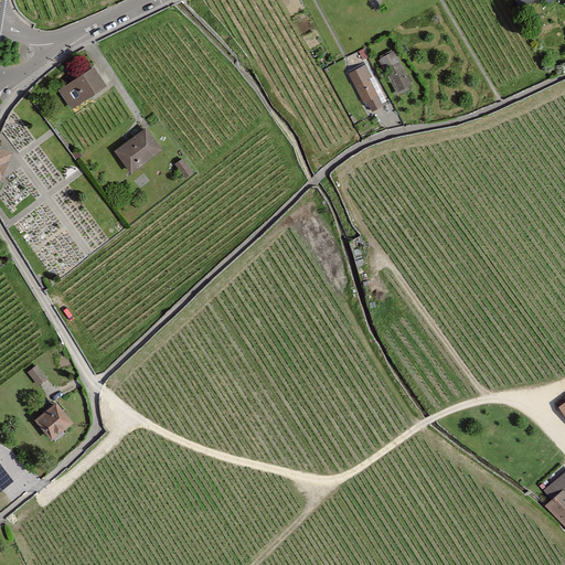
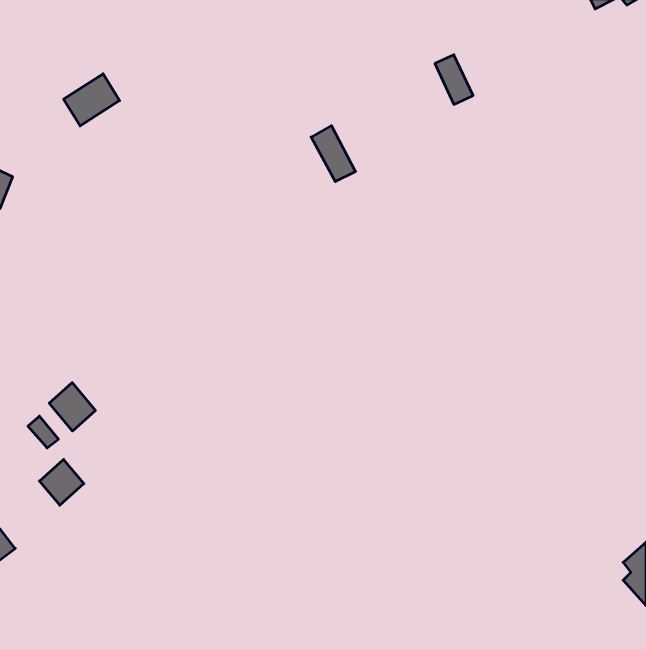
building: [347,63,385,111] -> [311,126,356,182]
building: [115,129,161,173] -> none
building: none -> [49,383,95,431]

